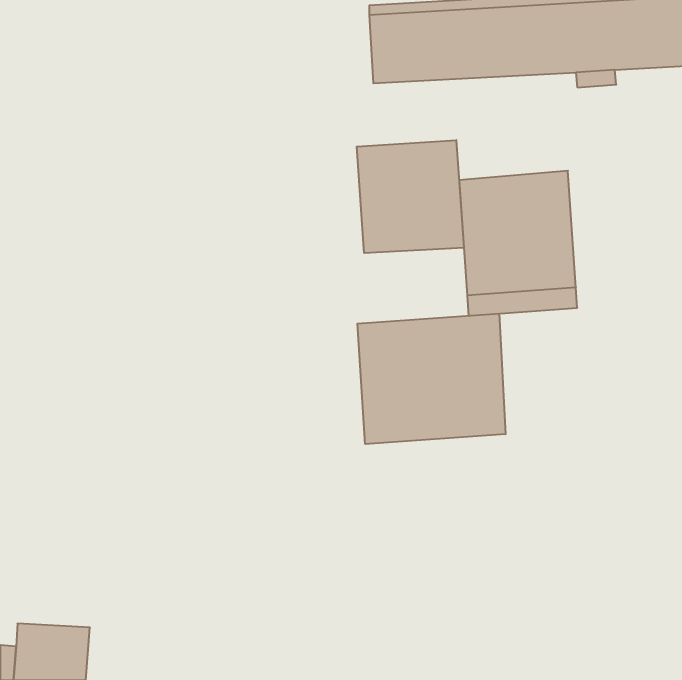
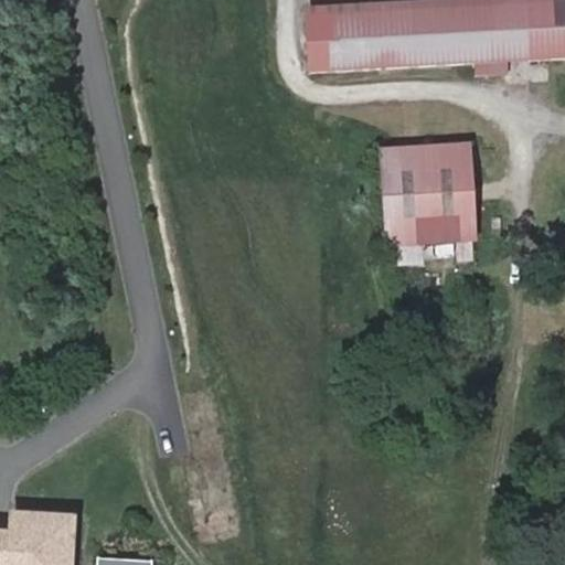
building: [357,140,464,253] -> none
building: [357,314,505,444] -> none

